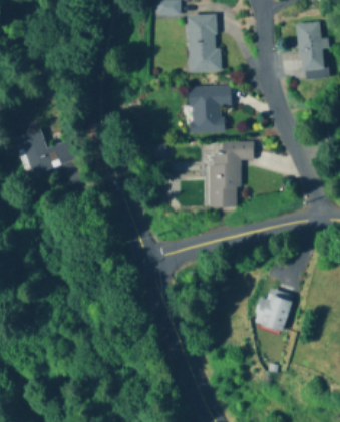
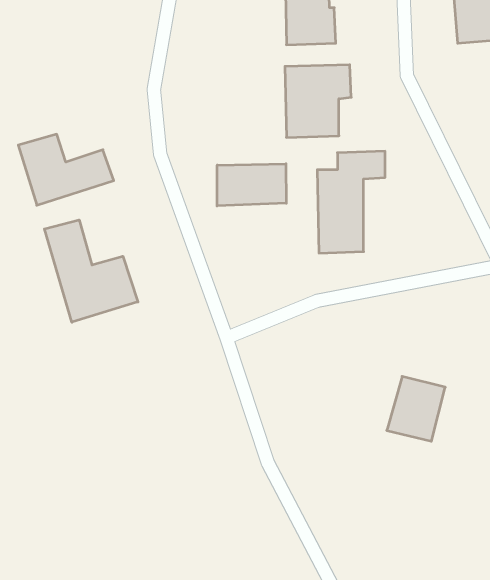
building: none -> [217,164,286,206]
building: none -> [44,220,138,322]

